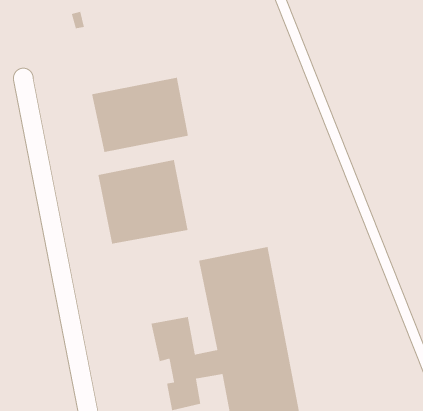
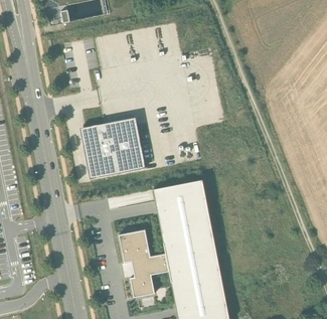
building: [91,77,189,153] -> none

